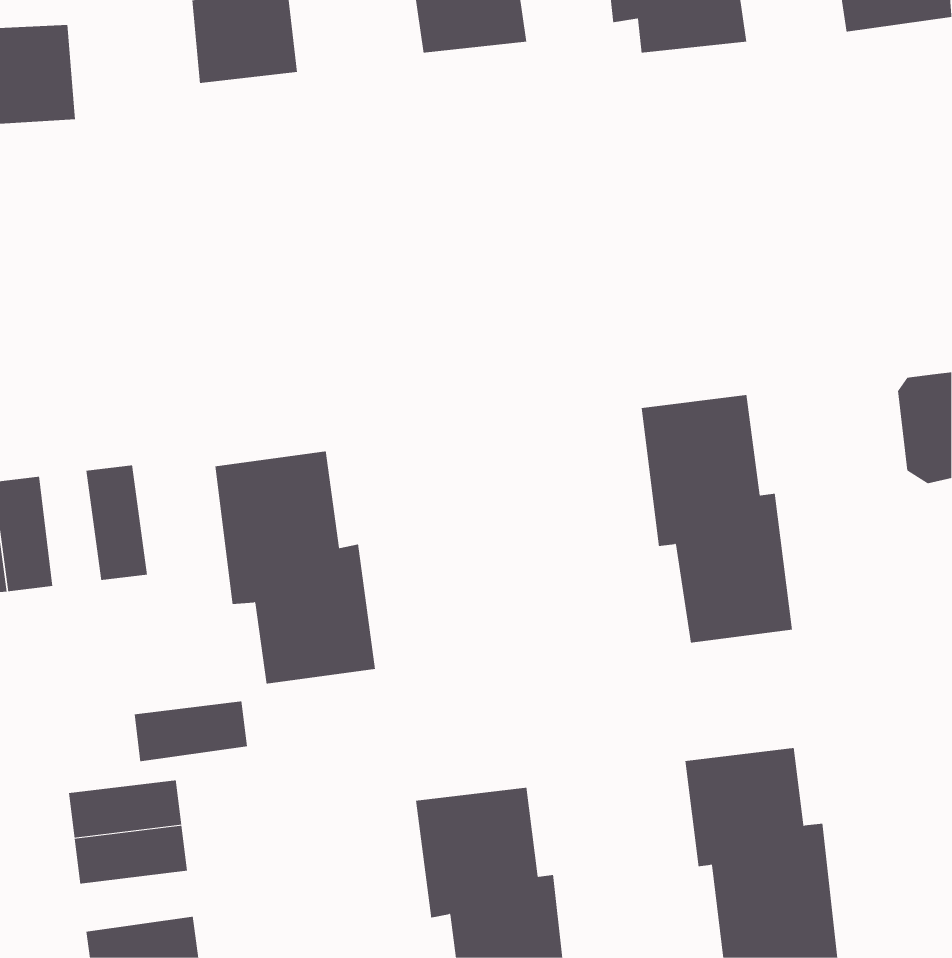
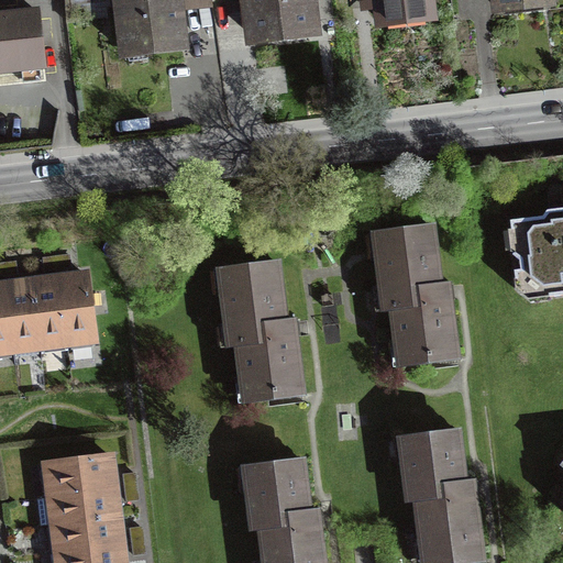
building: [215,451,376,684] -> [217,264,310,399]
building: none -> [23,273,58,340]
building: [134,701,248,762] -> [46,505,112,540]

